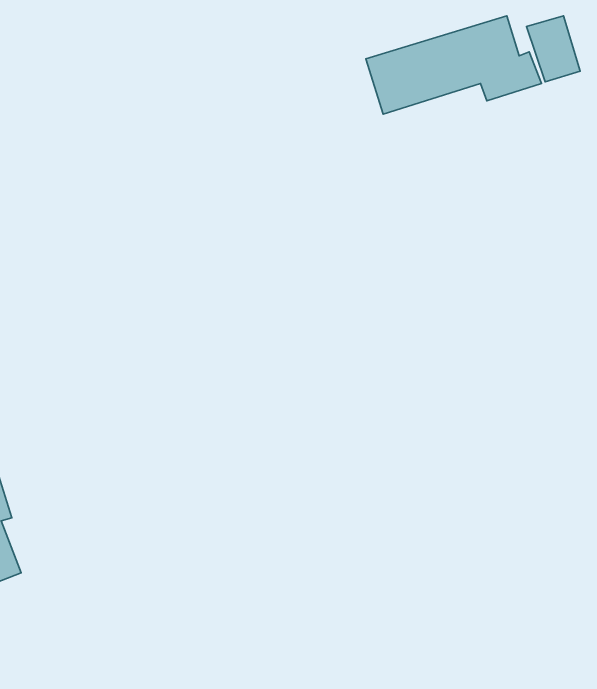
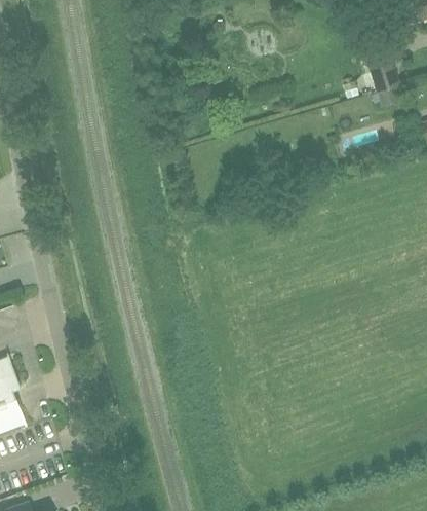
building: [366,16,541,114] -> none

